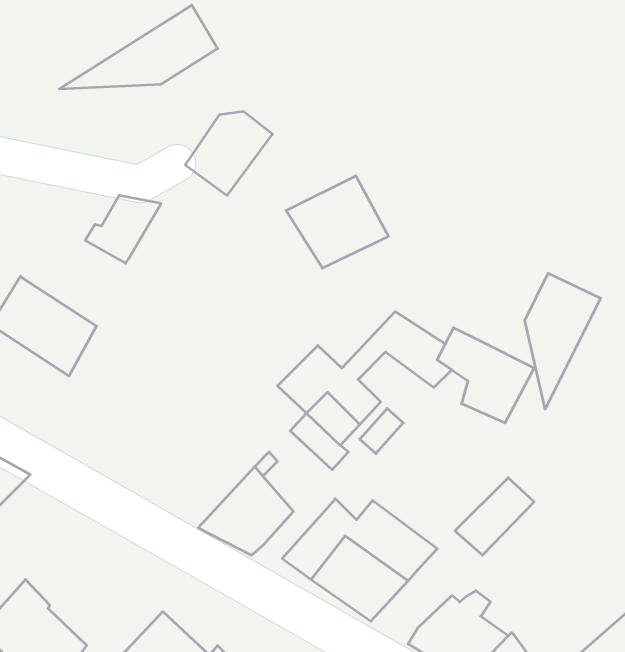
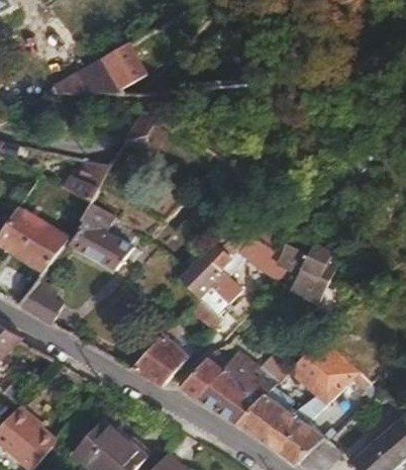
building: [286,176,388,268] -> none
building: none -> [67,199,128,271]
building: [525,273,601,409] -> none
building: none -> [20,280,64,324]
building: none -> [306,352,361,402]
building: none -> [236,394,287,441]

